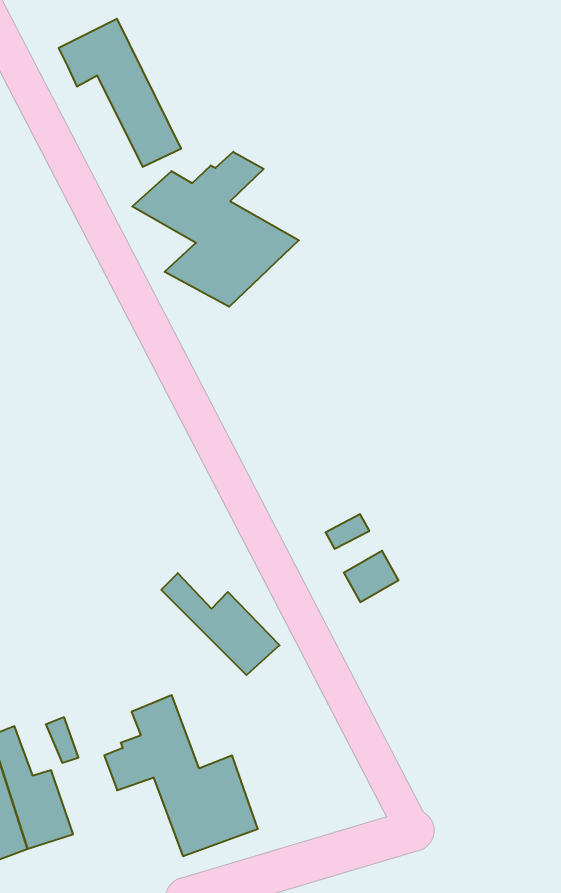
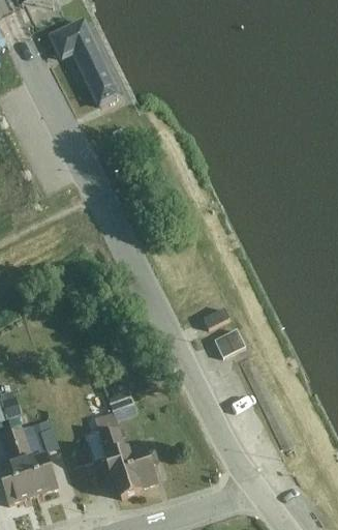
building: [132,152,299,307] -> none
building: [161,573,280,675] -> none

